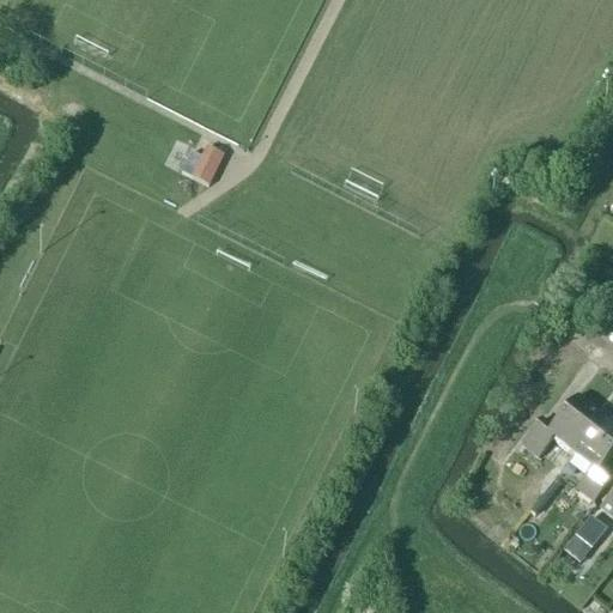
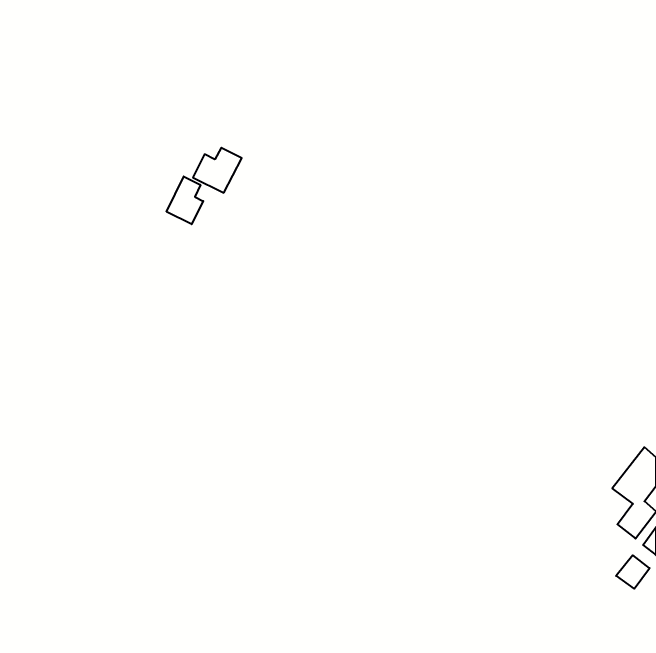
building: none -> [167,176,203,224]
building: [520,397,600,459] -> none

